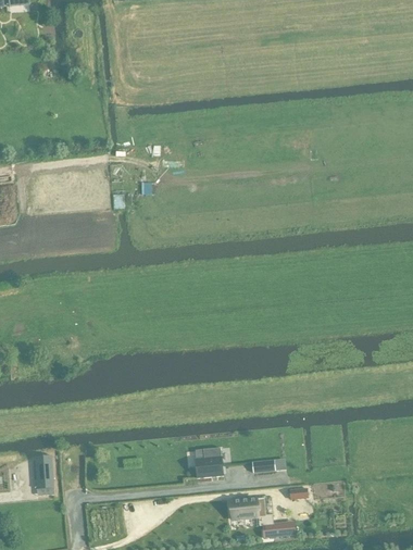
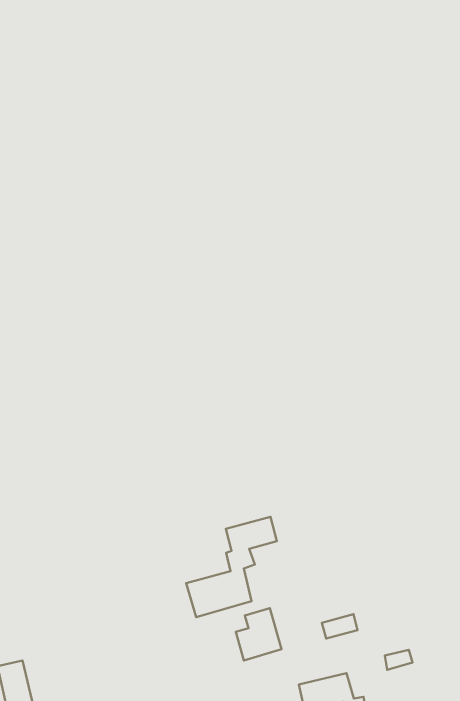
building: none -> [186,517,277,617]

